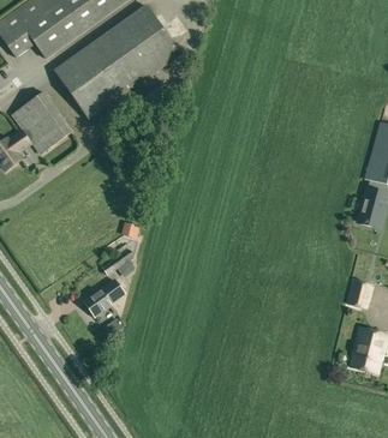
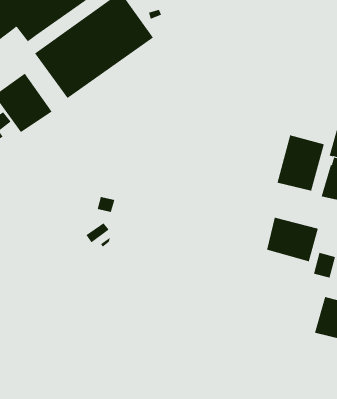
building: none -> [277,134,325,191]
building: none -> [266,217,318,262]
building: [83,278,123,316] -> none

